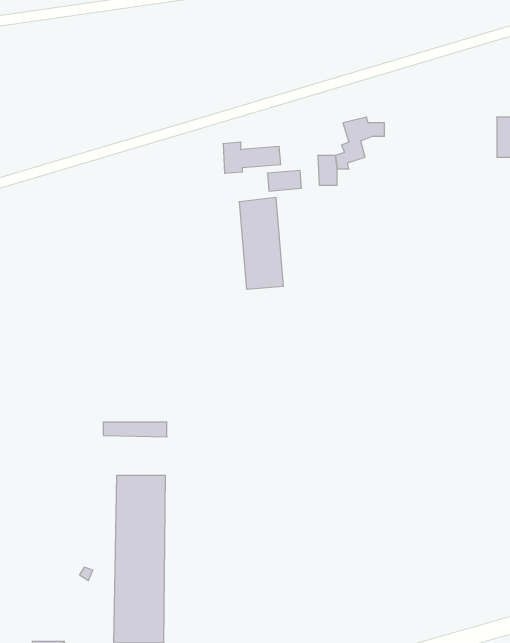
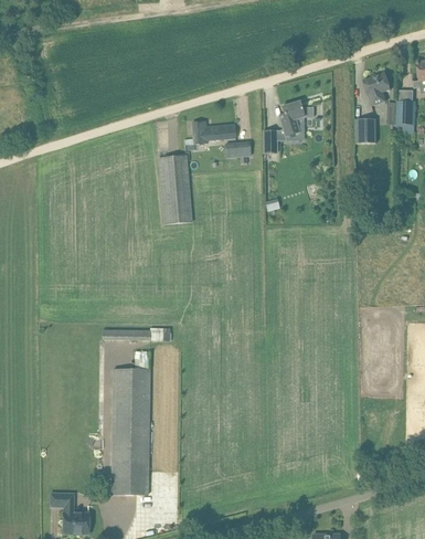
building: none -> [363,71,391,105]
building: none -> [357,118,376,142]
building: [239,197,283,289] -> [158,155,191,223]

